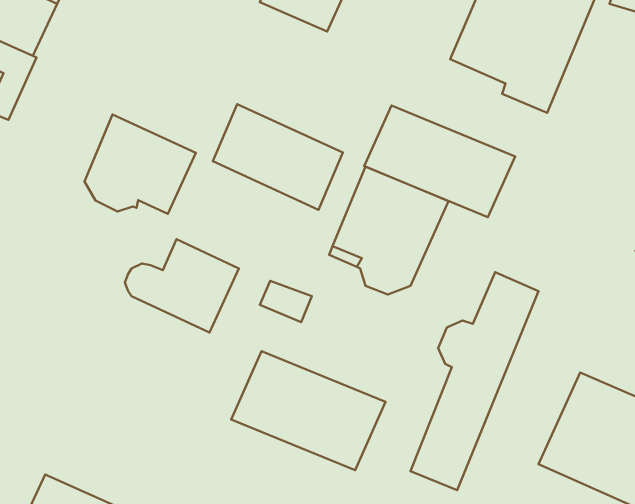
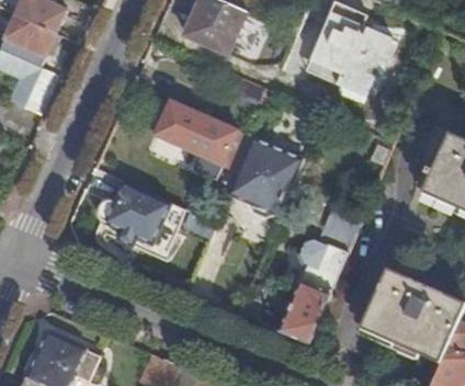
building: [364,106,515,217] -> none
building: [85,115,196,214] -> none
building: [231,351,385,470] -> none

